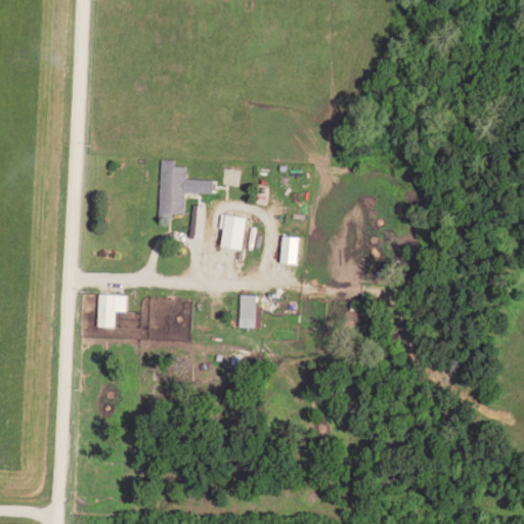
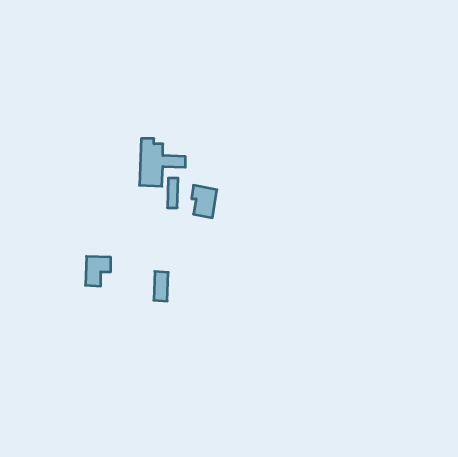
building: [279,236,298,265] -> none
building: [238,295,255,329] -> [154,271,168,301]

